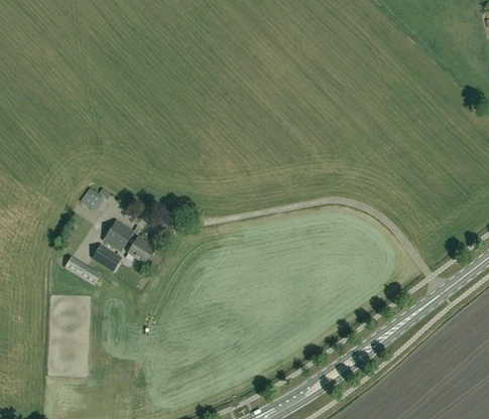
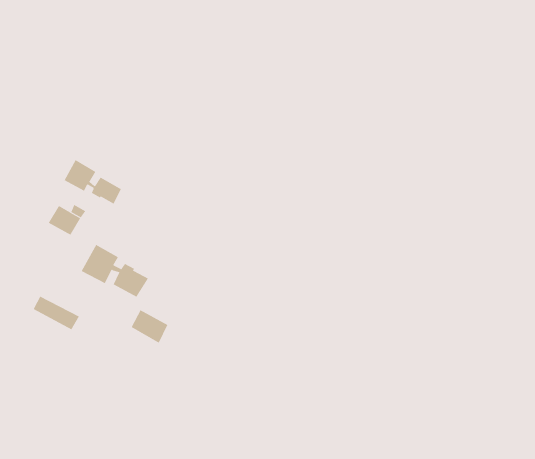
building: none -> [64,159,121,205]
building: [92,243,121,270] -> [131,310,168,343]

